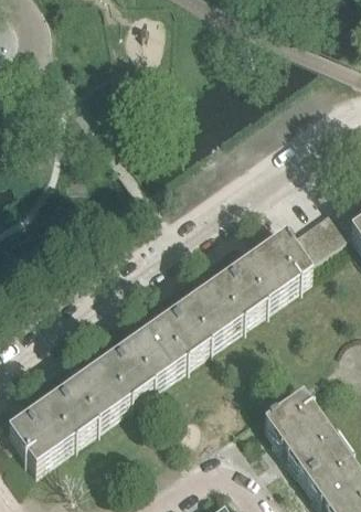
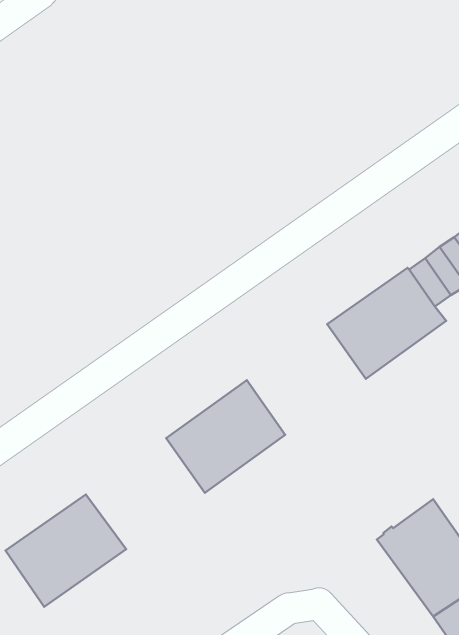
building: [178,273,259,349] -> none
building: [67,351,149,427] -> none

